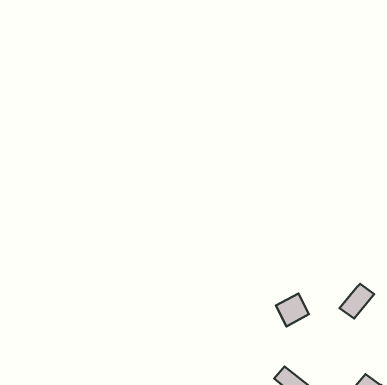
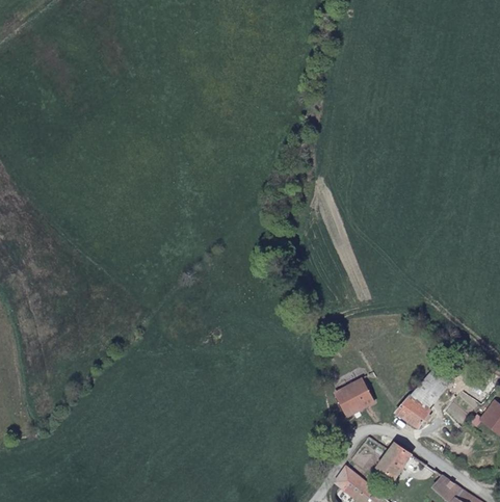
building: none -> [392,397,430,430]
building: none -> [374,442,413,480]

